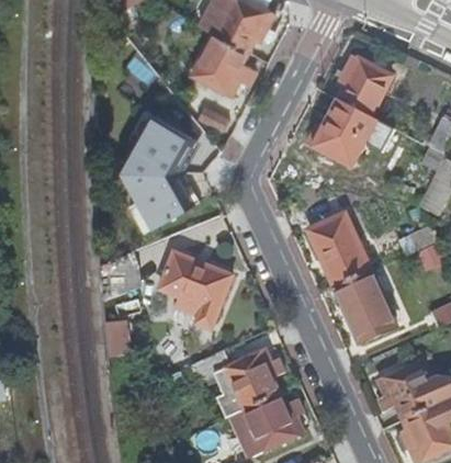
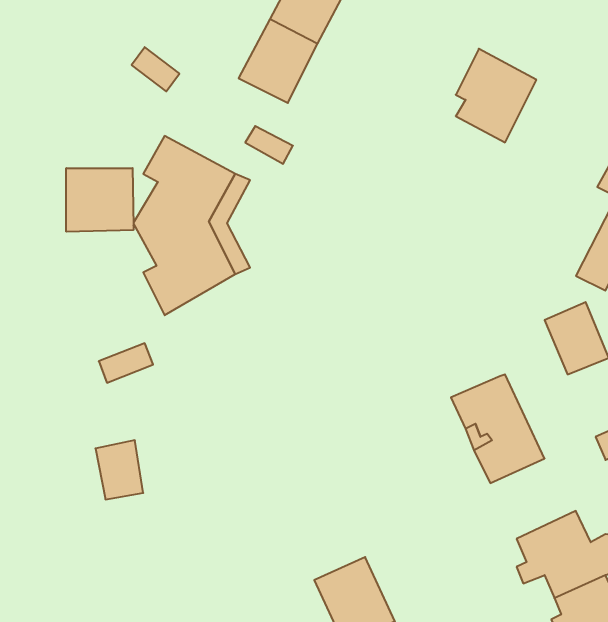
building: [314,100,371,157] -> none
building: none -> [66,168,133,232]
building: [309,215,371,287] -> none
building: [158,253,233,318] -> none
building: [192,350,279,418] -> none

